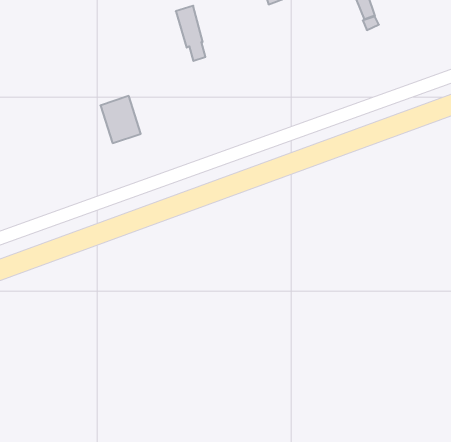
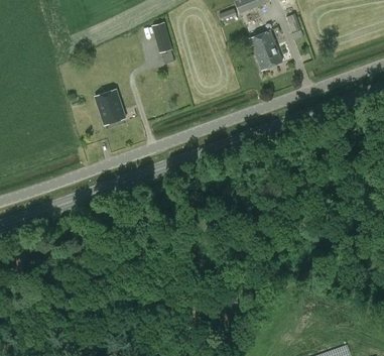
building: none -> [249,30,282,70]

